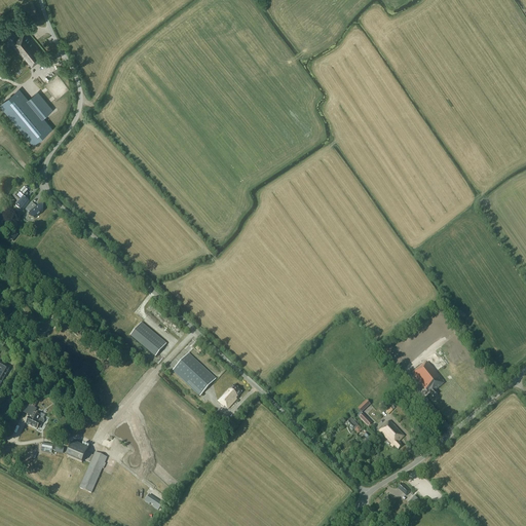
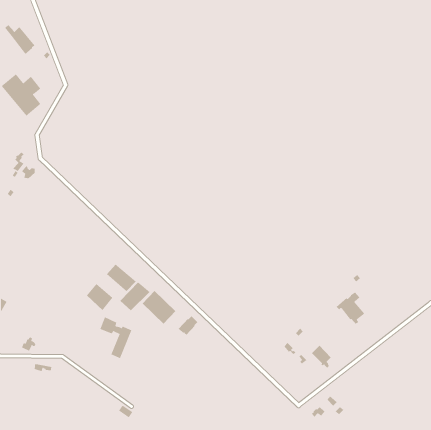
building: none -> [120,281,150,311]
building: none -> [86,283,113,311]
building: [67,441,107,492] -> [99,317,132,359]

